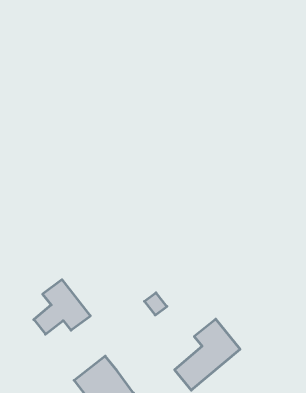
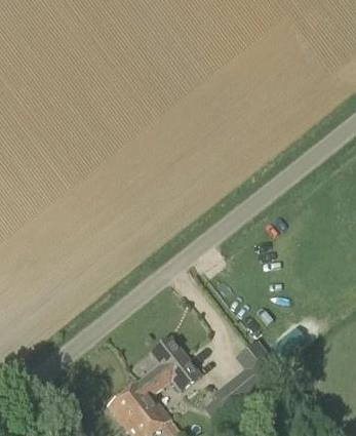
building: [34,280,90,334] -> [140,338,199,395]

